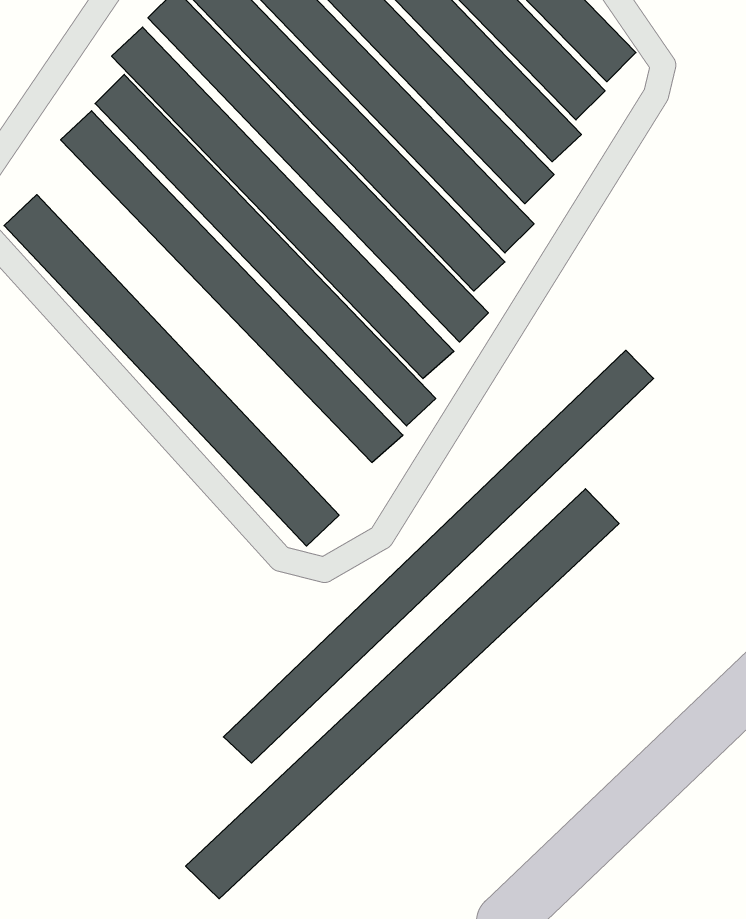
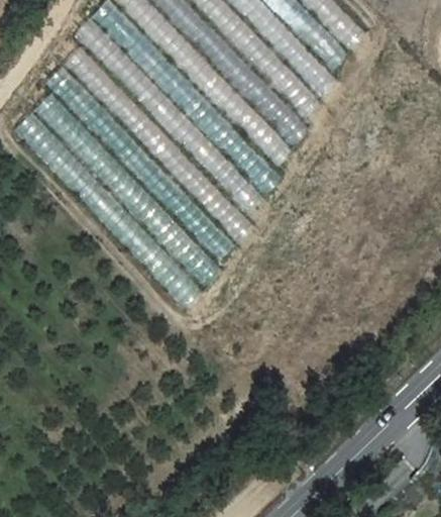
building: none -> [35,90,221,286]
building: [223,350,654,763] -> none
building: [186,489,619,899] -> none

